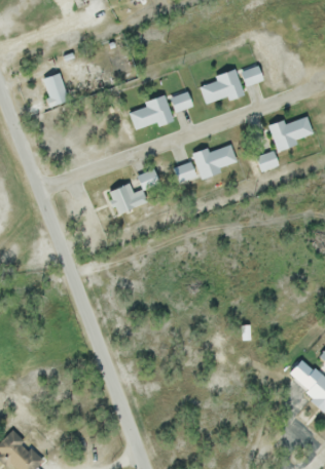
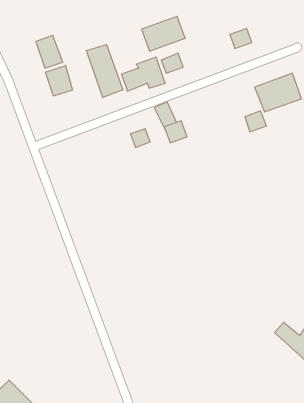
building: [198,68,244,104] -> [142,16,185,51]
building: none -> [86,44,123,98]
building: none -> [46,65,73,96]
building: [192,140,240,180] -> none
building: [109,184,147,213] -> none

